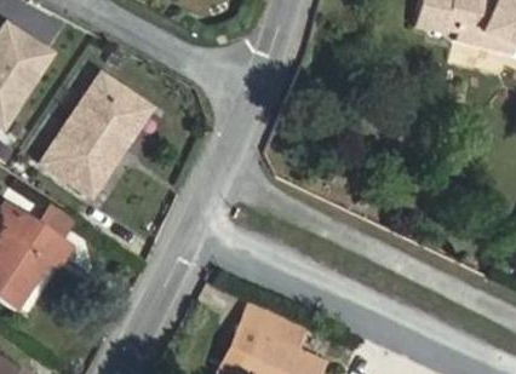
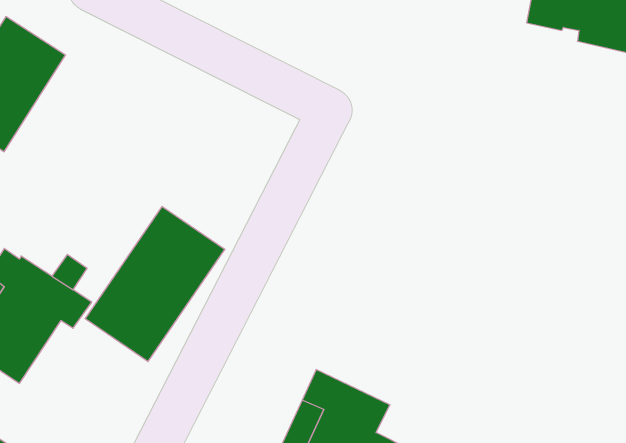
building: [41,74,151,196] -> [85,207,225,362]

